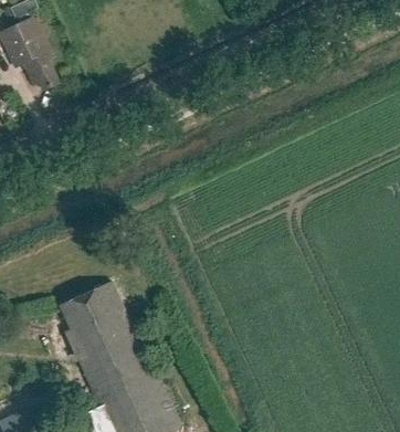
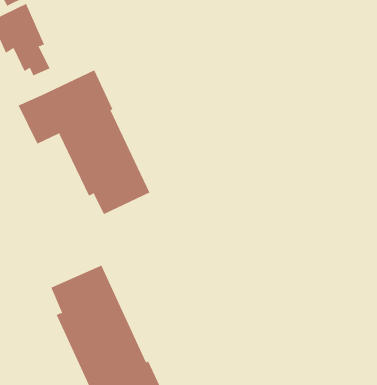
building: none -> [18,70,150,215]

